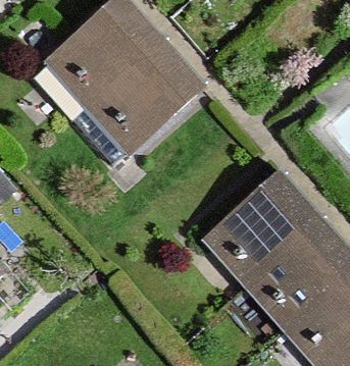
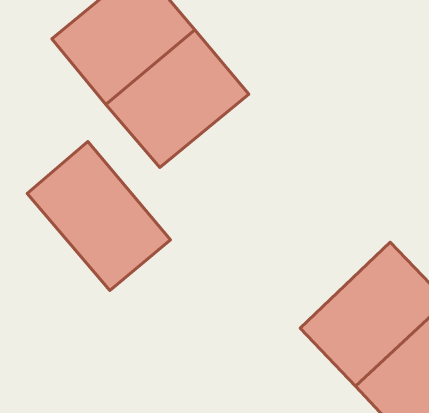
building: none -> [27,141,170,291]
building: [200,172,313,284] -> none

